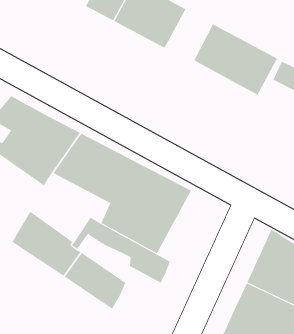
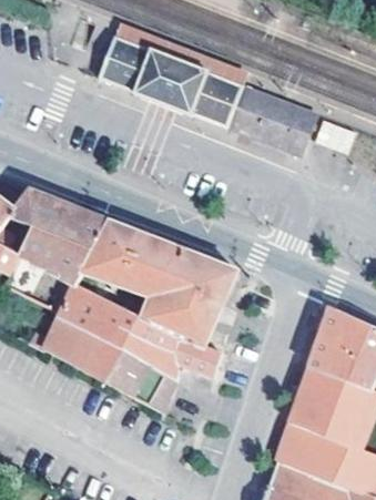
building: none -> [192,71,241,126]
building: none -> [60,283,128,341]
building: none -> [118,331,176,380]

